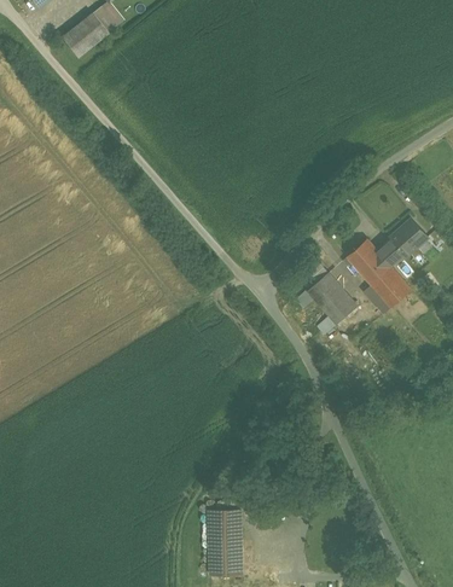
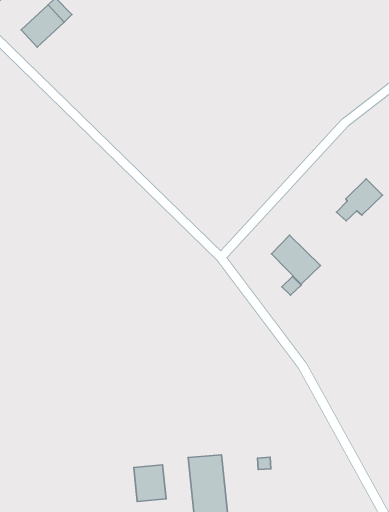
building: [347,239,412,308] -> none
building: none -> [134,465,166,502]

